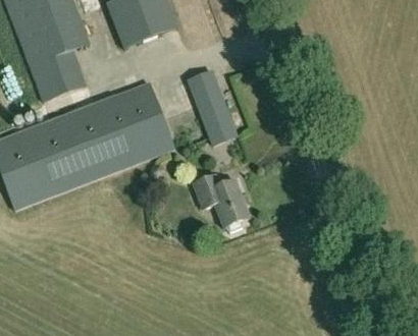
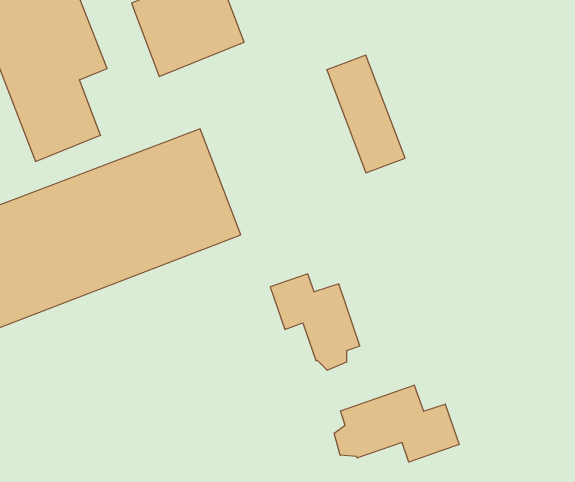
building: [187,70,236,144] -> [327,55,405,173]
building: none -> [334,385,459,462]

